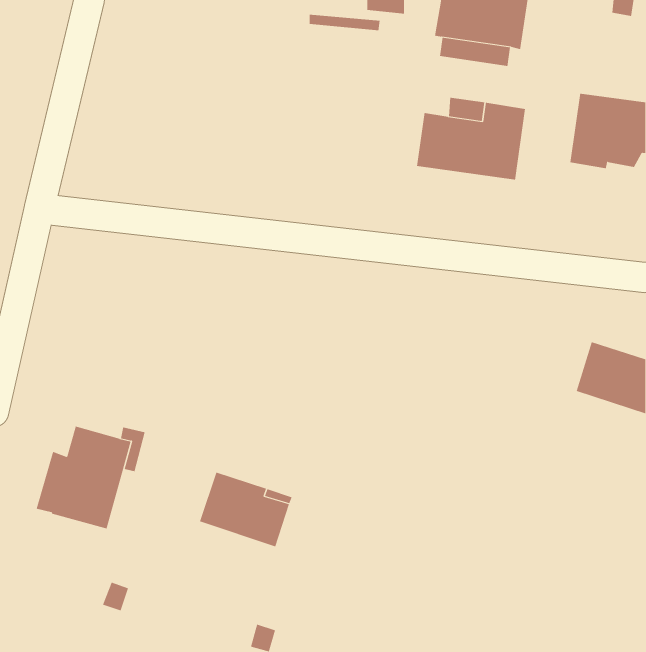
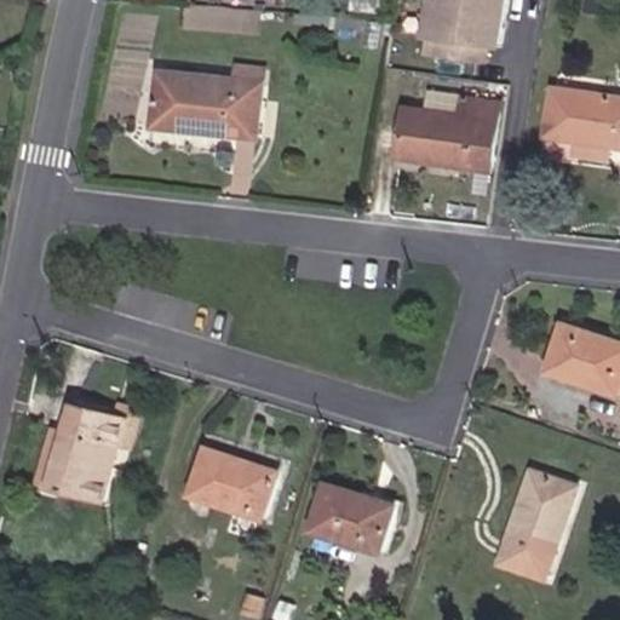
building: none -> [149,67,260,138]
building: none -> [498,469,575,579]
building: none -> [310,483,394,552]

